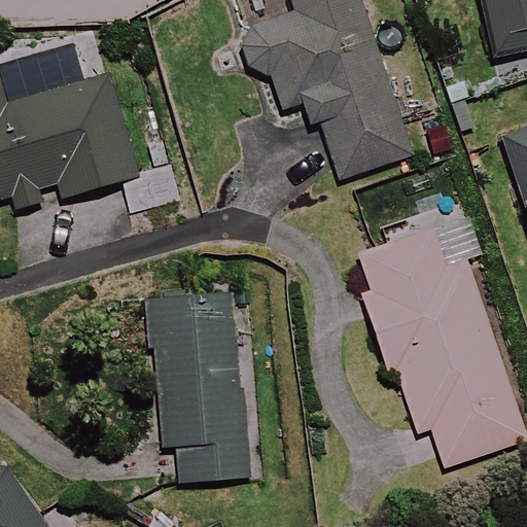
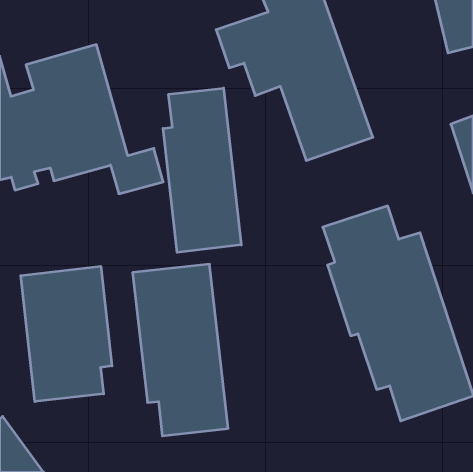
building: none -> [163,88,241,252]
building: none -> [21,266,112,402]

